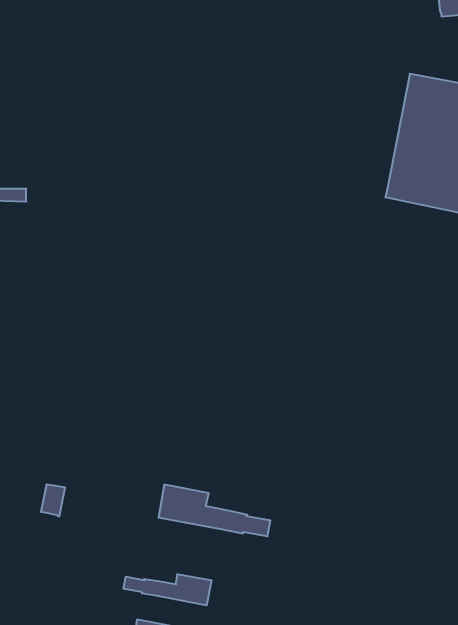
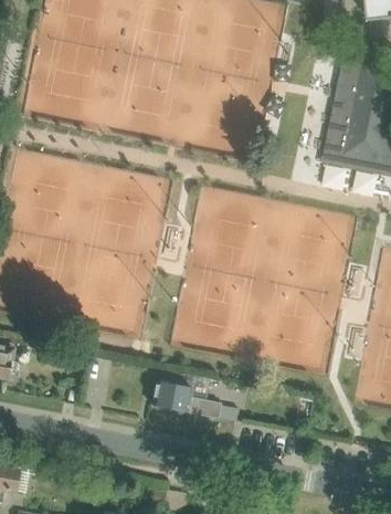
building: [124,574,212,605] -> none

